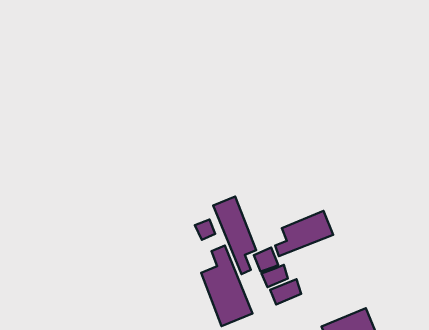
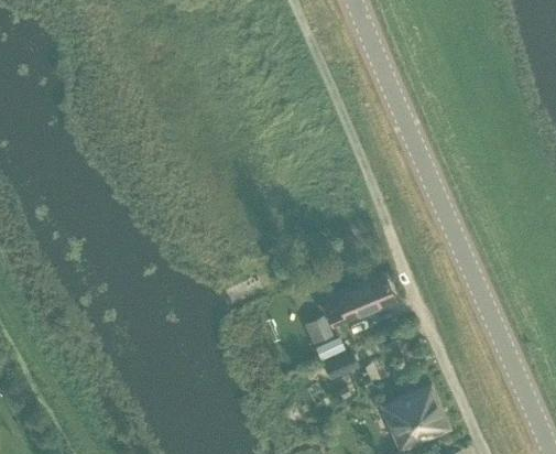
building: [213,197,256,274] -> none
building: [201,245,253,326] -> none

